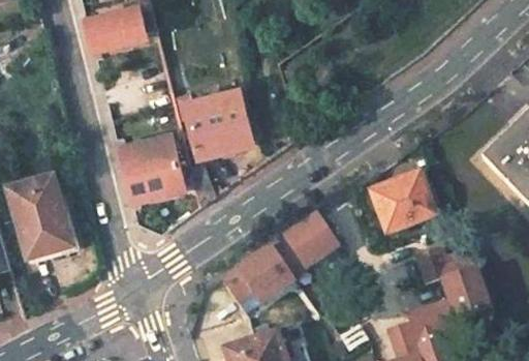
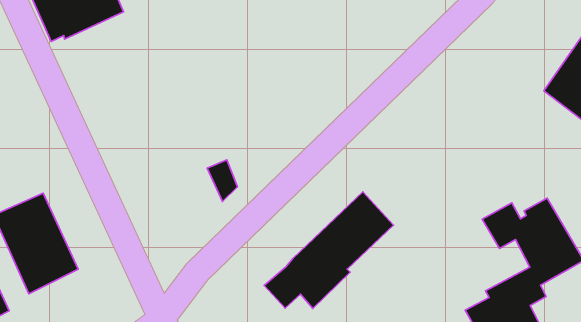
building: [185,85,253,152] -> none
building: [117,131,184,199] -> none
building: [372,176,432,231] -> none

